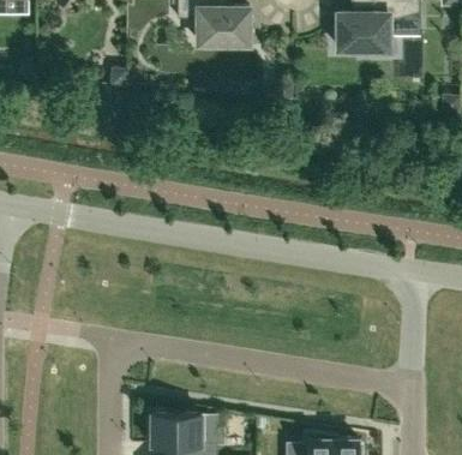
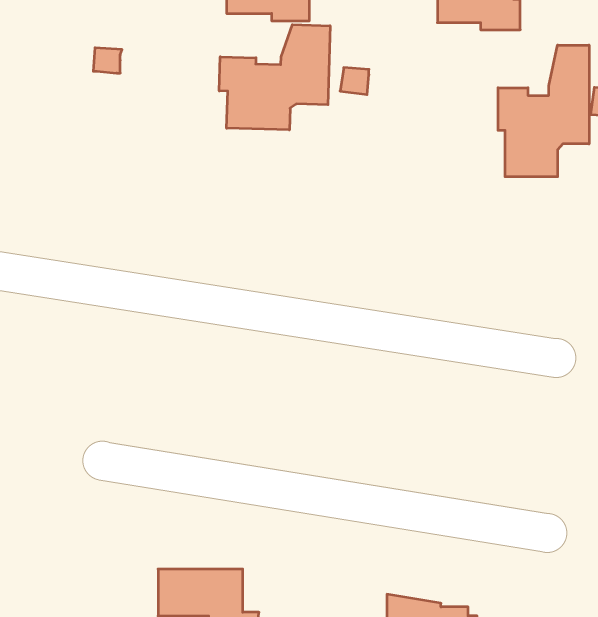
building: none -> [219,25,330,130]
building: none -> [498,45,589,177]

